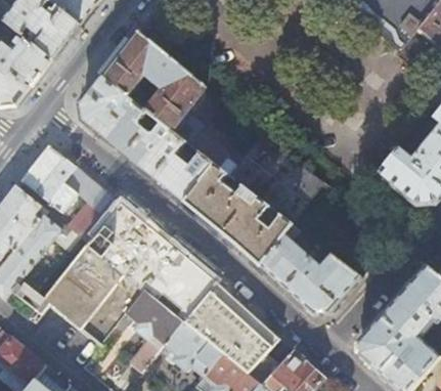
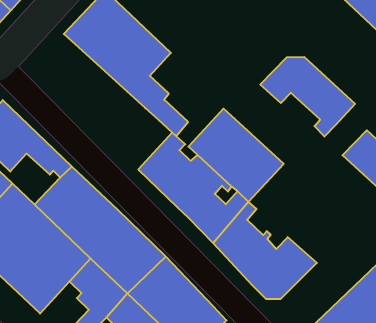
building: [82,78,214,202] -> none
building: none -> [260,57,355,137]

